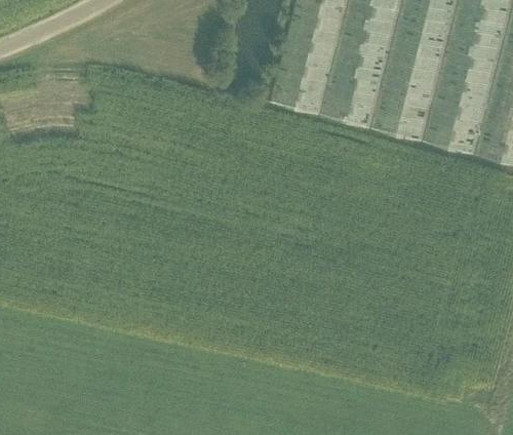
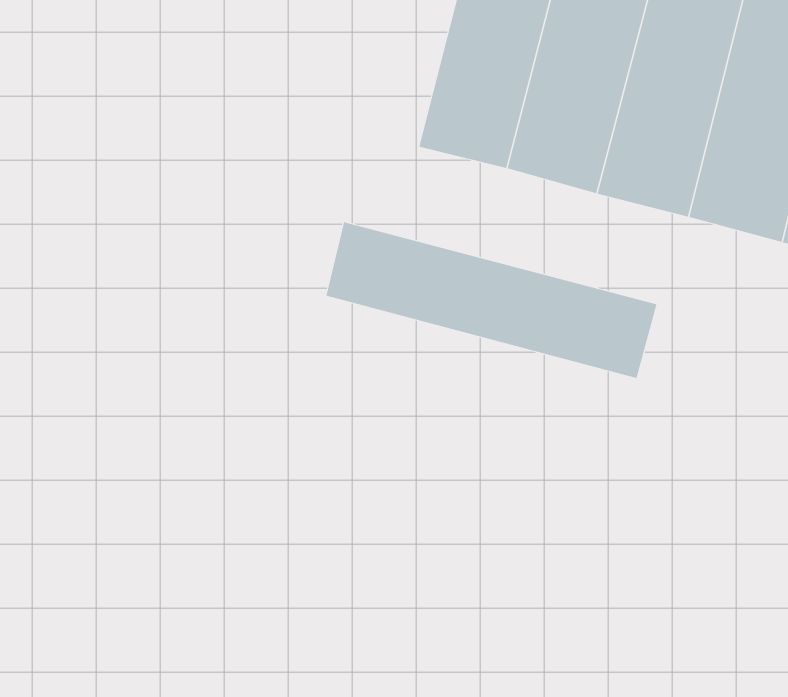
building: none -> [326,222,657,379]

